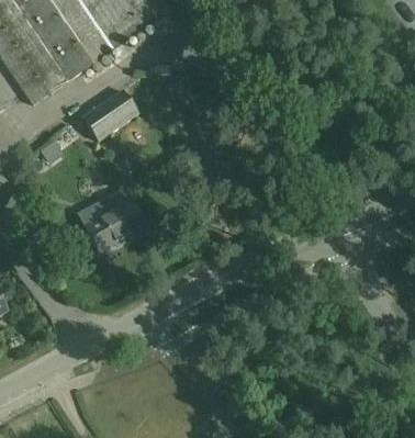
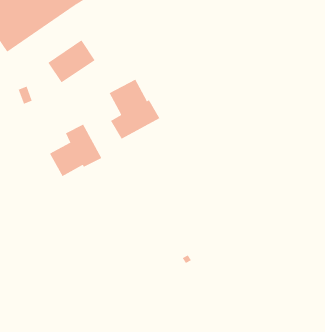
building: none -> [109,79,160,139]

